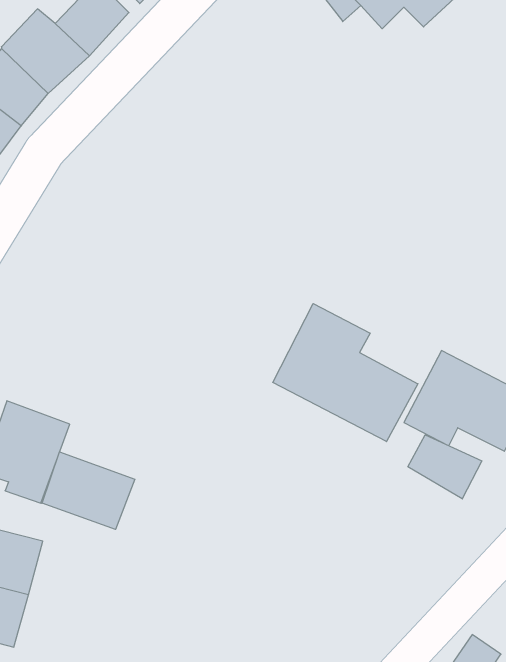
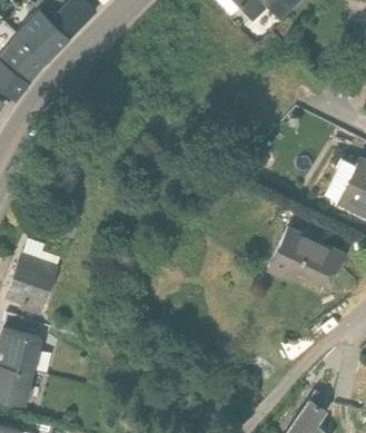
building: [273,304,418,442] -> none
building: [408,435,482,499] -> none
building: [42,452,135,529] -> none

